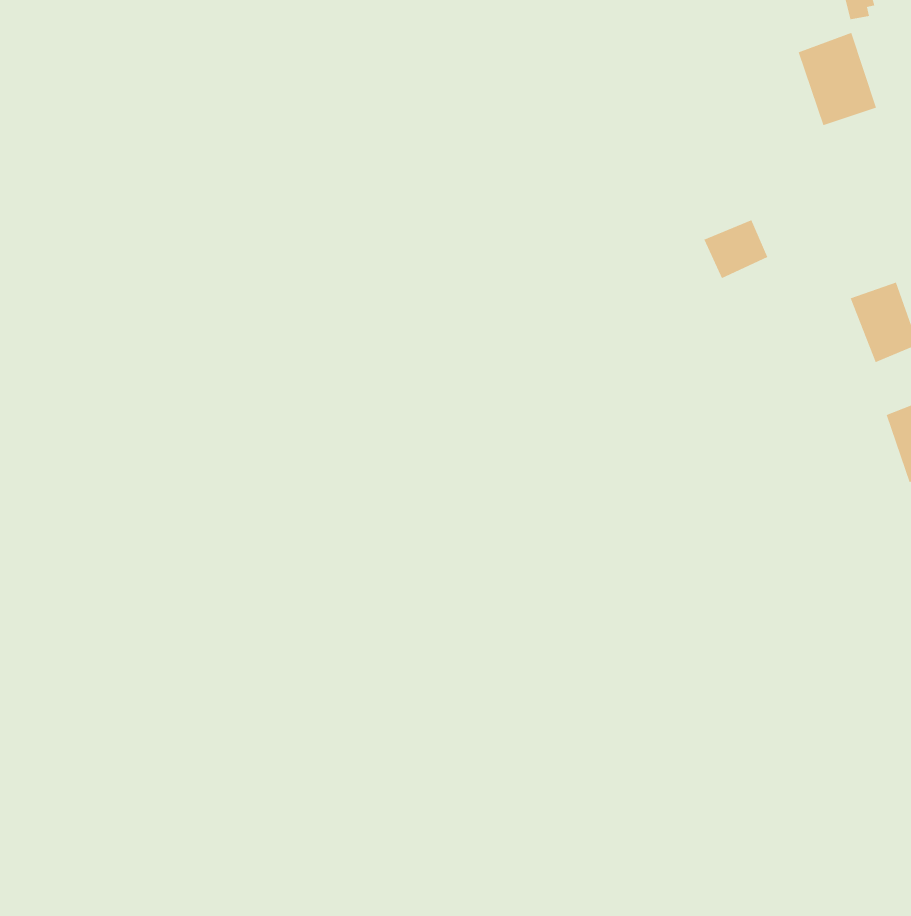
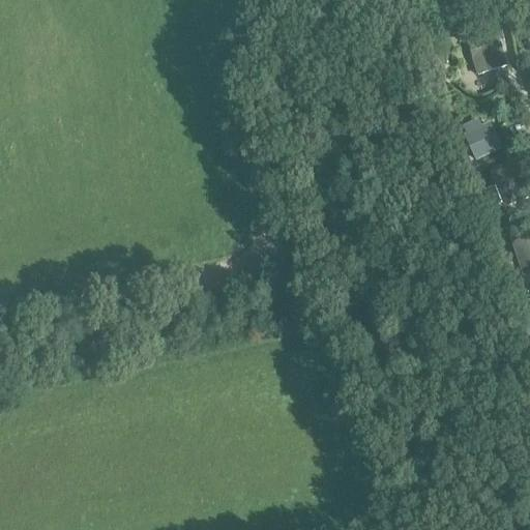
building: [703,220,768,279] -> [465,124,502,158]

